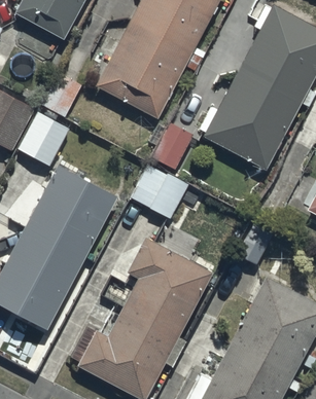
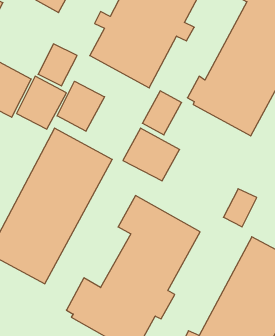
building: none -> [57,81,105,131]

